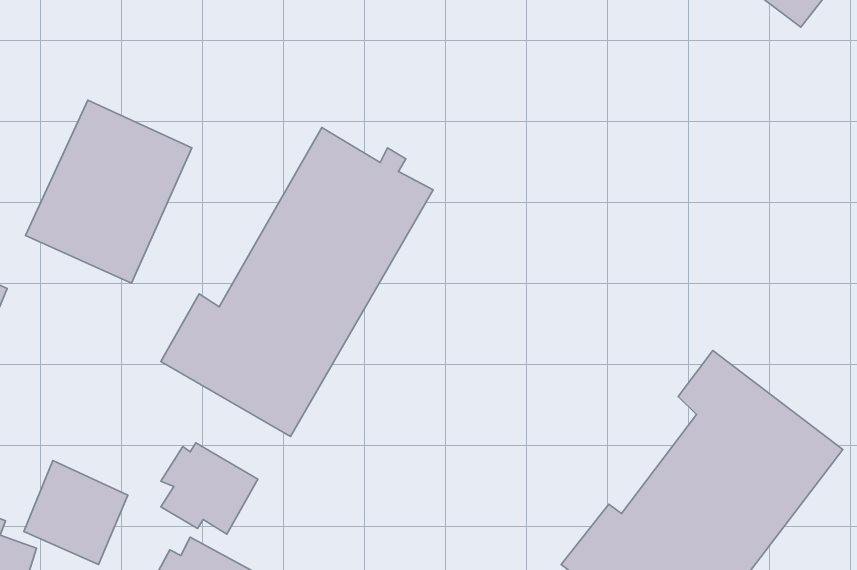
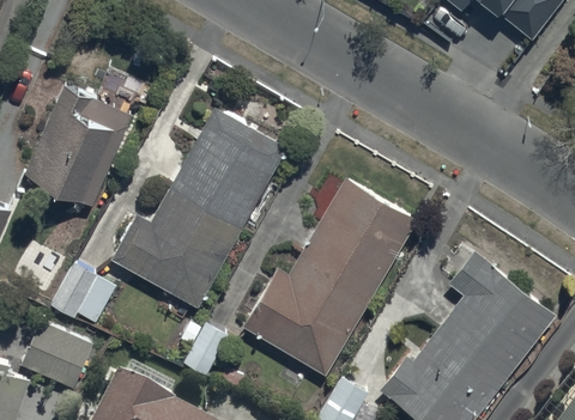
building: none -> [246,172,420,371]
building: [161,443,258,534] -> [50,260,114,319]

